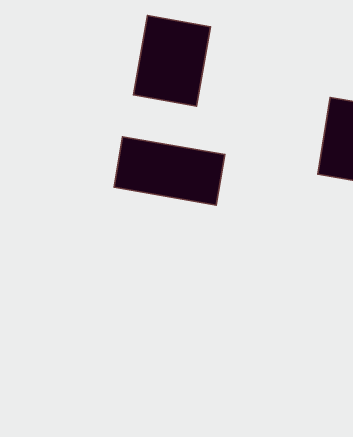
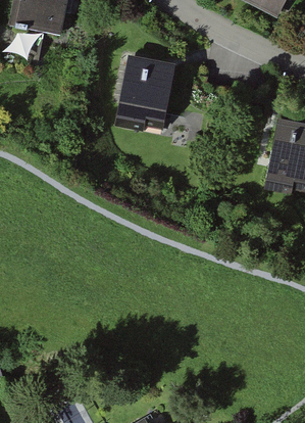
building: [114,137,225,205] -> none

